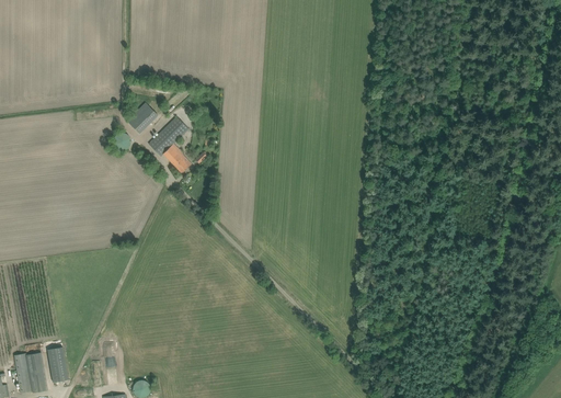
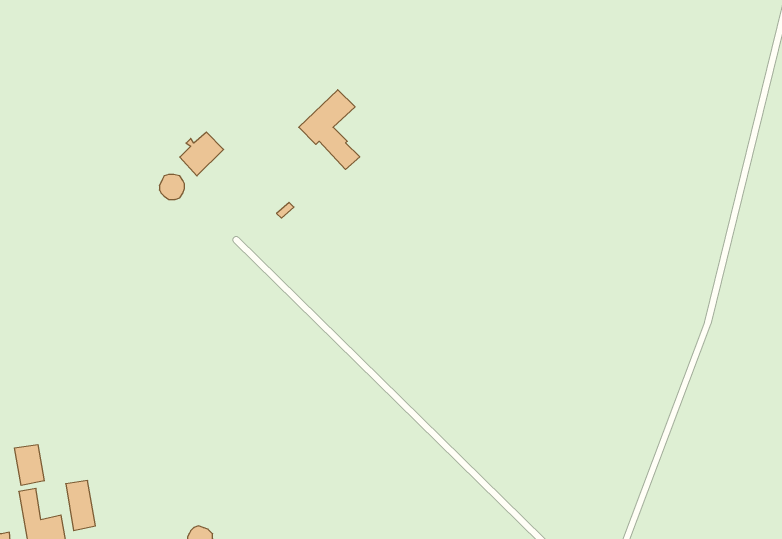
building: [149,116,192,172] -> [299,90,360,169]
building: none -> [15,445,44,485]

